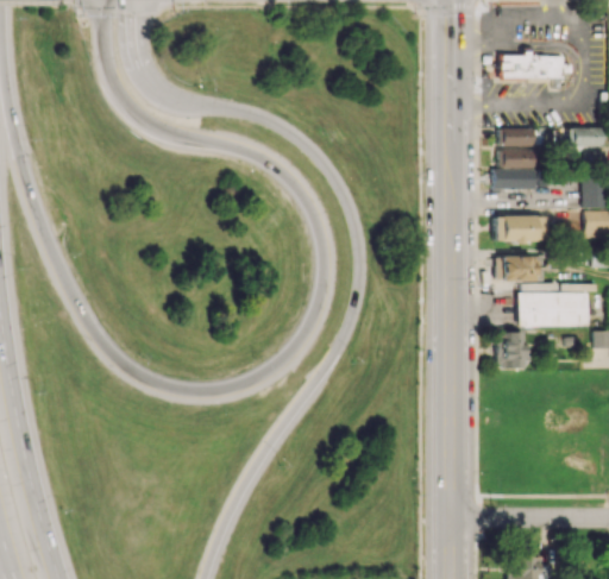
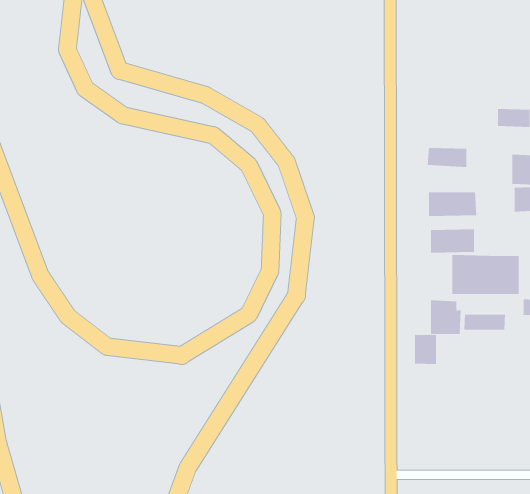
building: [496,55,566,81] -> none
building: [500,128,533,169] -> none
building: none -> [464,314,506,331]
building: none -> [415,334,437,365]

